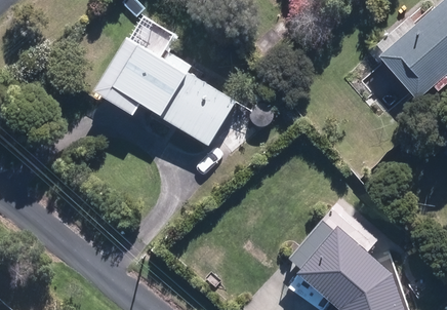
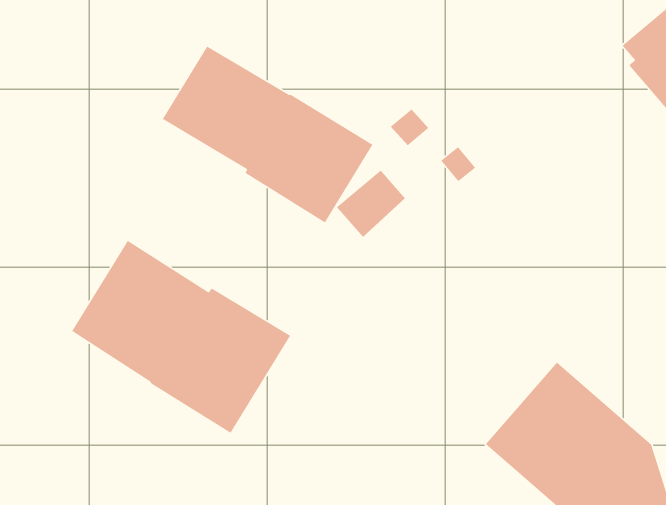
building: none -> [71,240,291,434]

